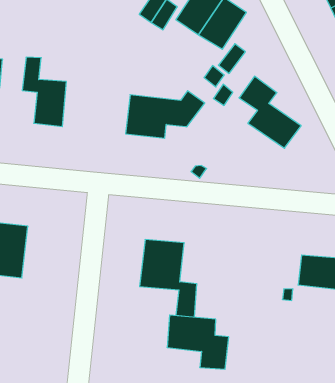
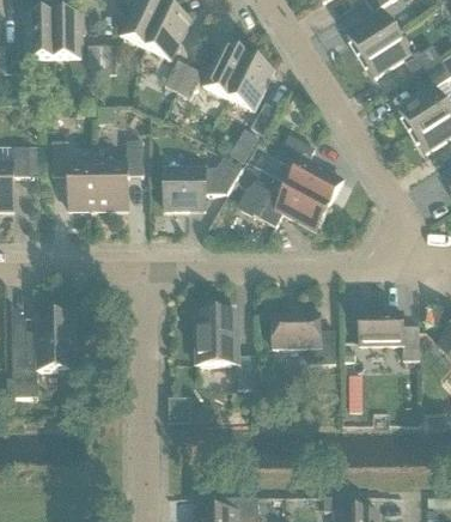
building: none -> [97,140,144,208]
building: none -> [240,182,329,230]
building: [167,315,229,369] -> [272,312,335,364]

